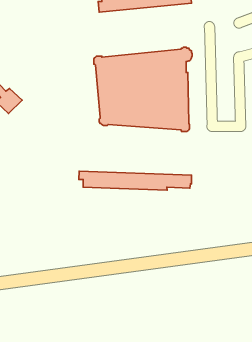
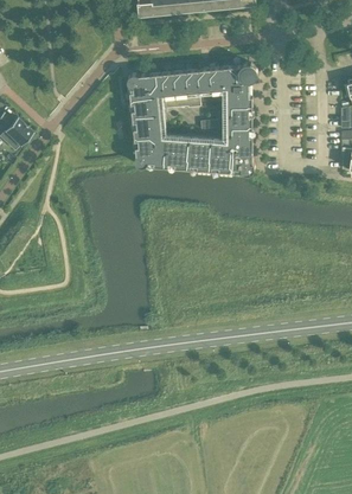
building: [79,171,192,190] -> none

